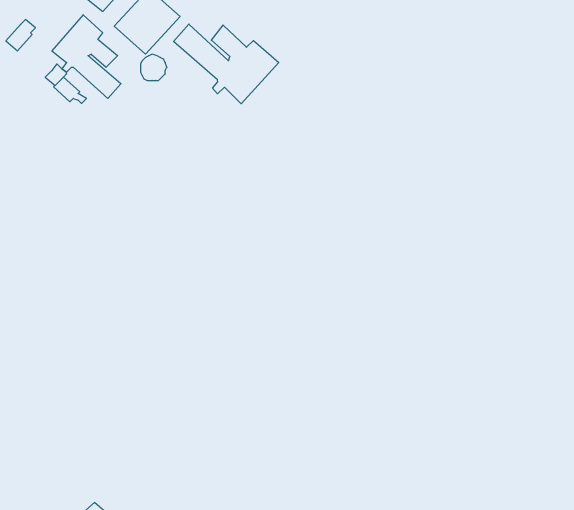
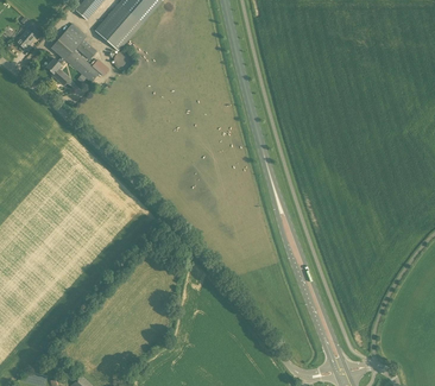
building: [174,24,279,104] -> none

